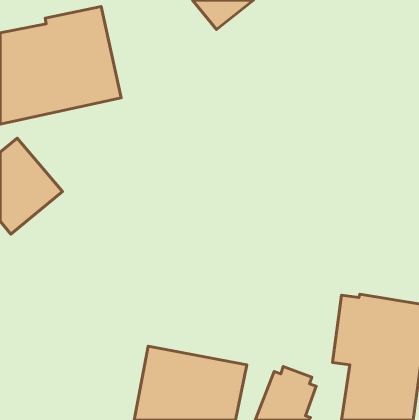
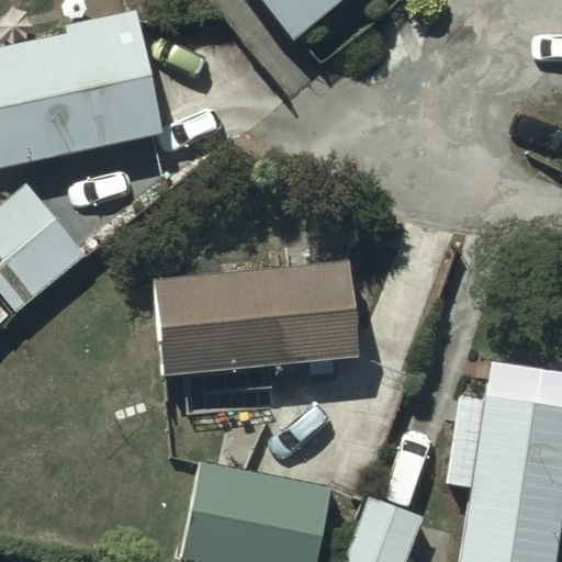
building: none -> [153,262,356,406]

